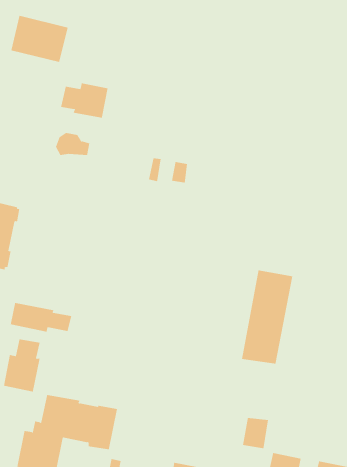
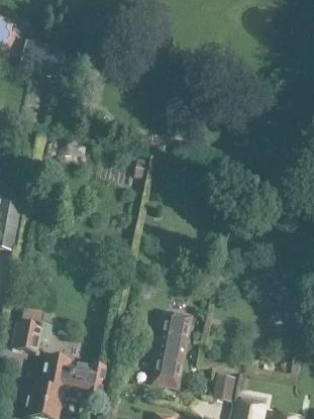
building: [61,82,108,119] -> none
building: [241,270,293,364] -> [149,310,193,389]
building: [10,302,72,332] -> none

